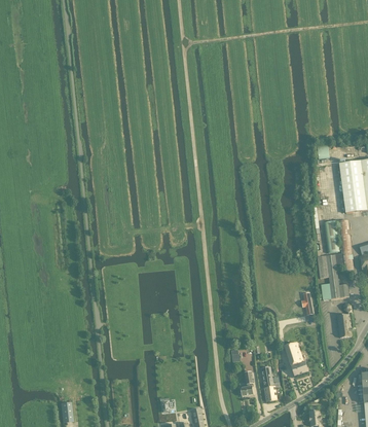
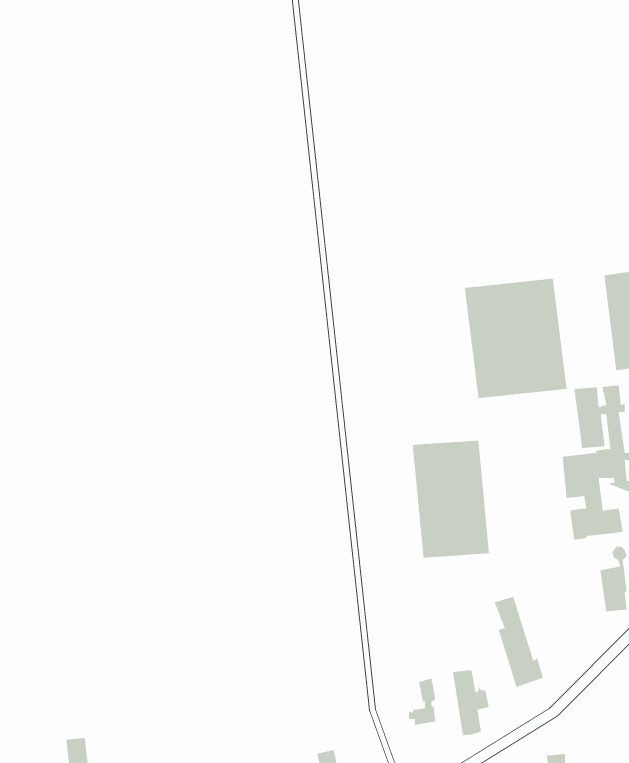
building: none -> [464,278,567,399]
building: none -> [412,440,490,558]

